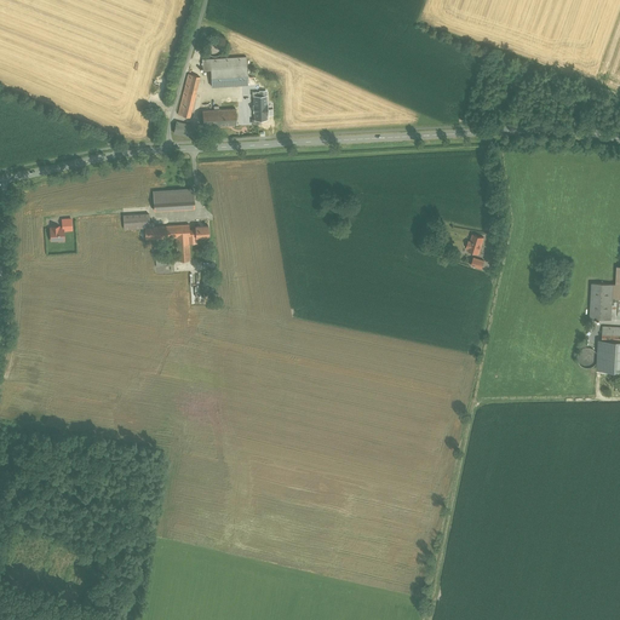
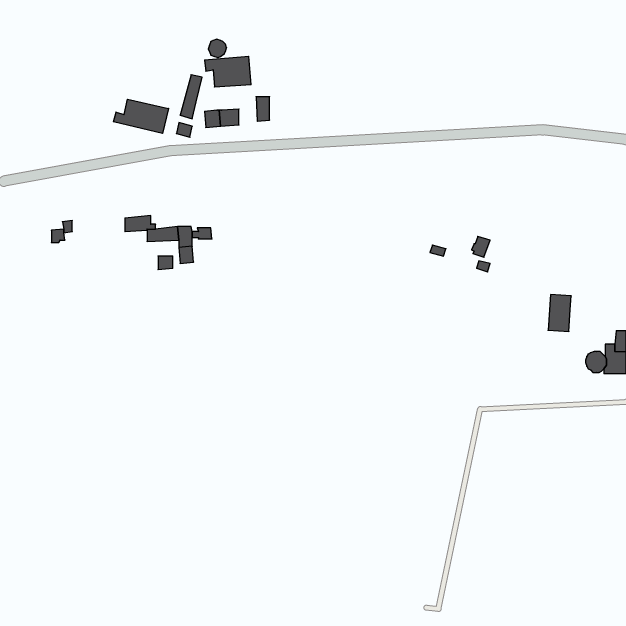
building: none -> [113,99,169,133]
building: [153,189,195,209] -> none
building: [590,283,613,320] -> [548,295,571,331]

